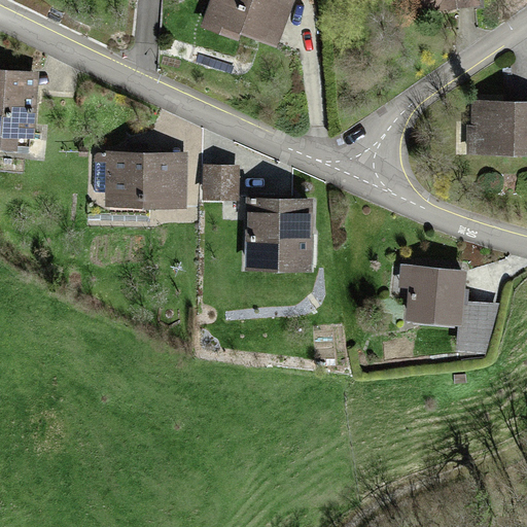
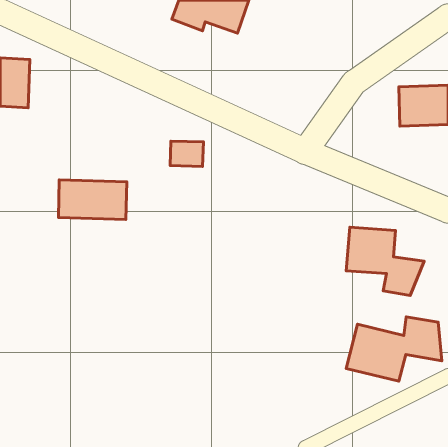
building: [104,153,184,200] -> [58,180,127,219]
building: [246,201,308,270] -> none
building: none -> [346,317,442,381]

